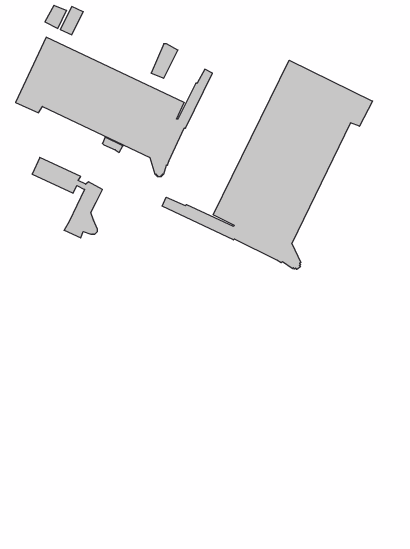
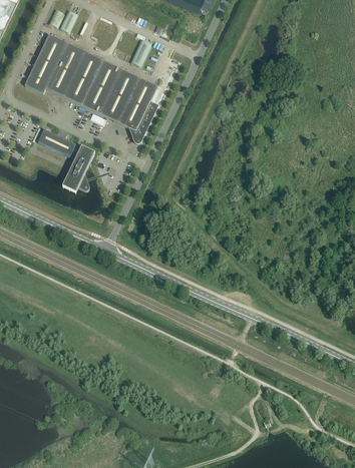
building: [162,60,373,269] -> none

